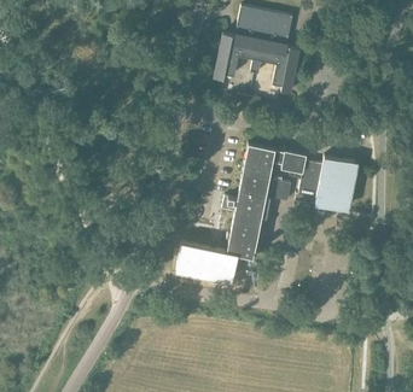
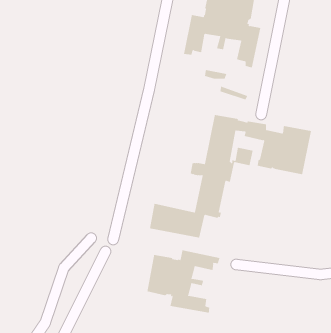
building: none -> [147,250,220,314]

